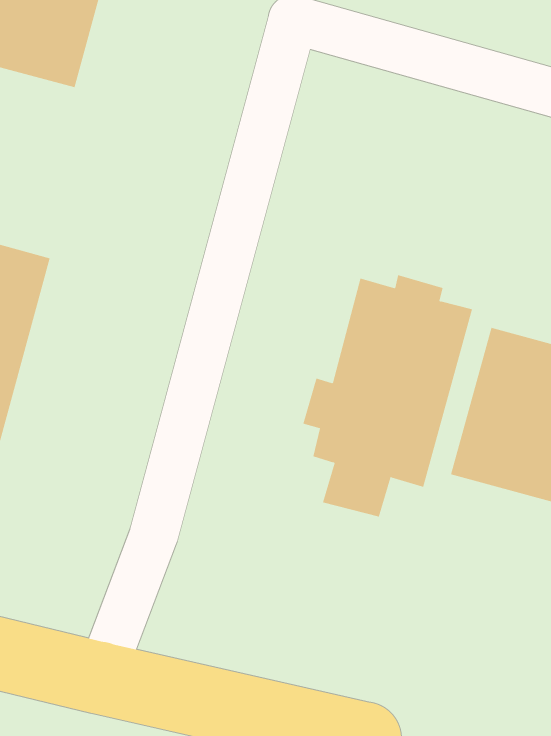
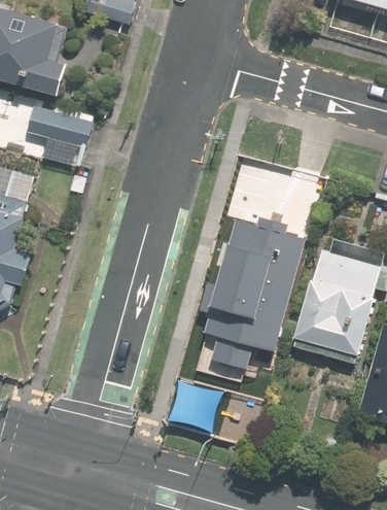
building: none -> [24,104,95,147]

